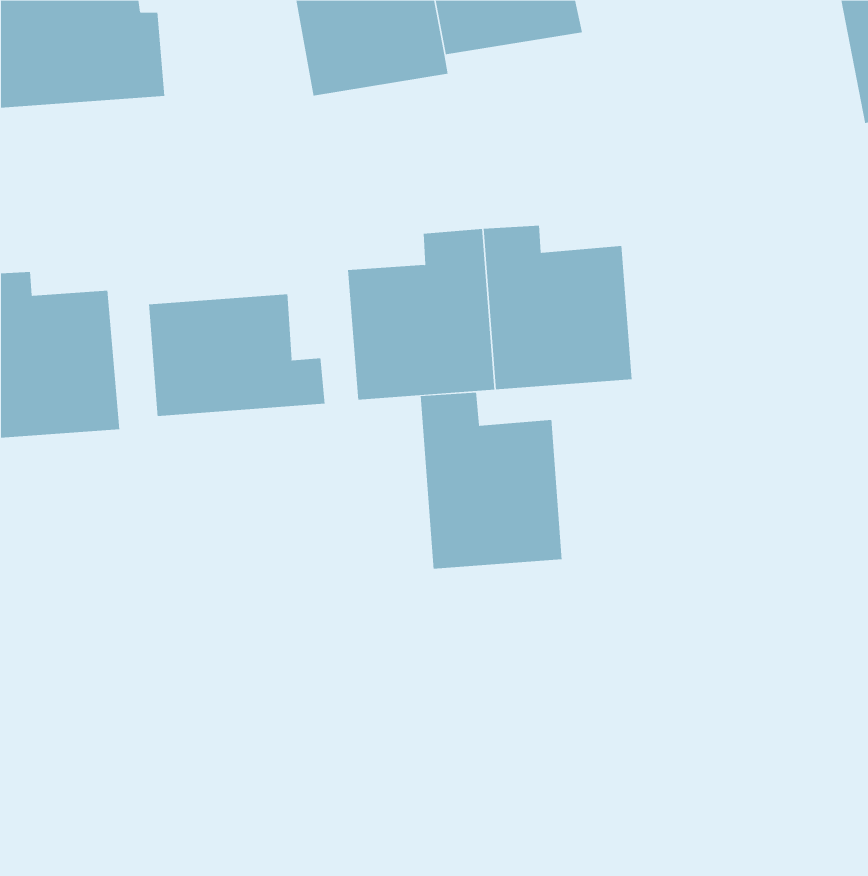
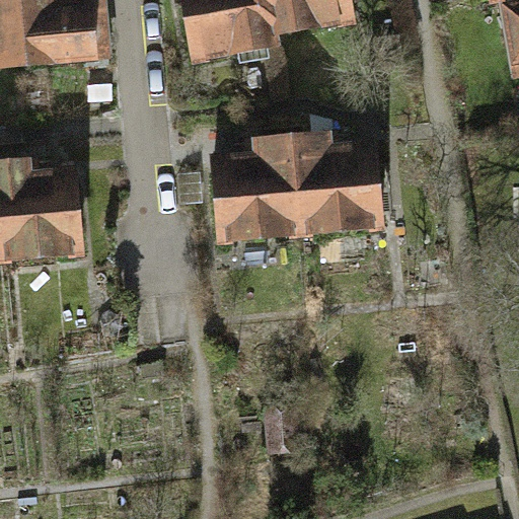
building: [149,294,325,417] -> none
building: [420,392,562,569] -> none

